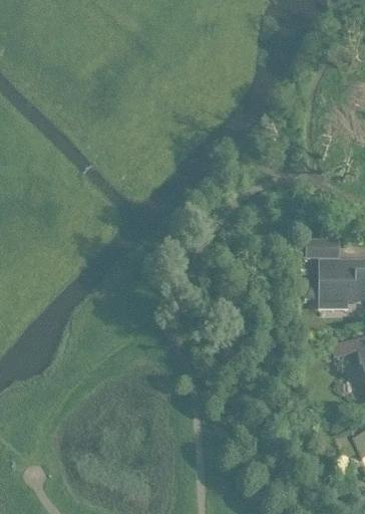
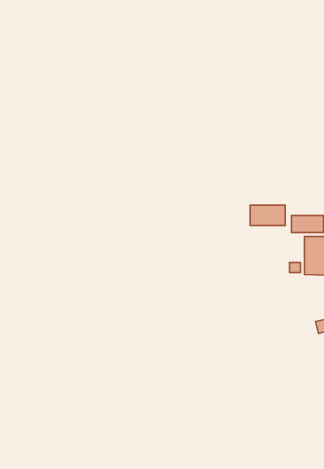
building: none -> [250,205,285,226]

